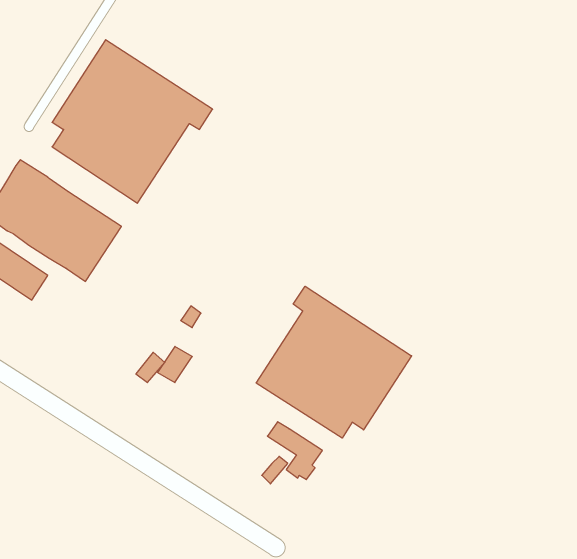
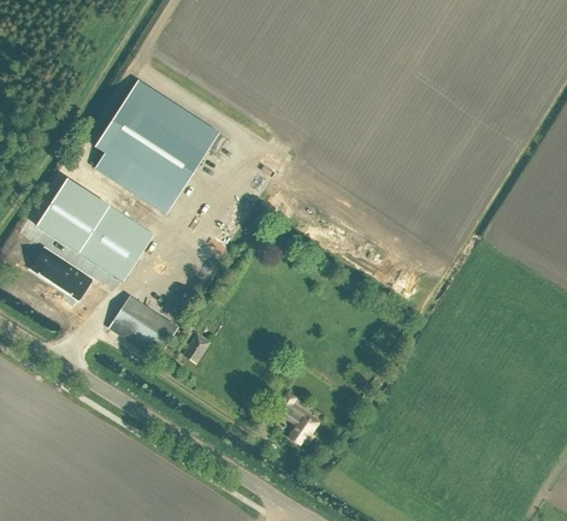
building: [256,286,412,438] -> none
building: none -> [106,295,177,361]

